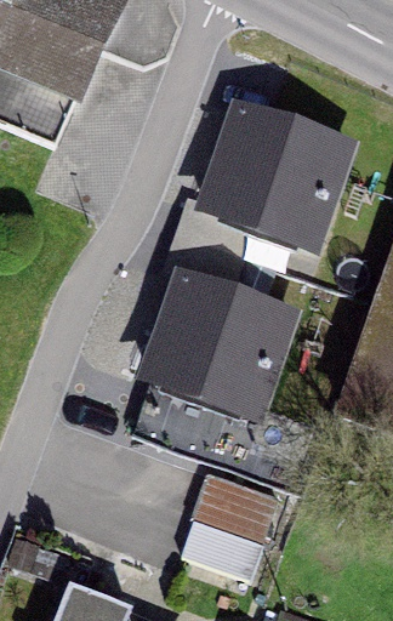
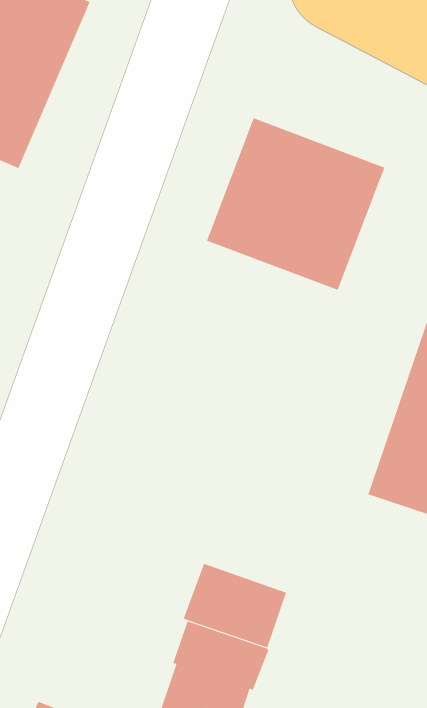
building: [150,267,306,410] -> none

